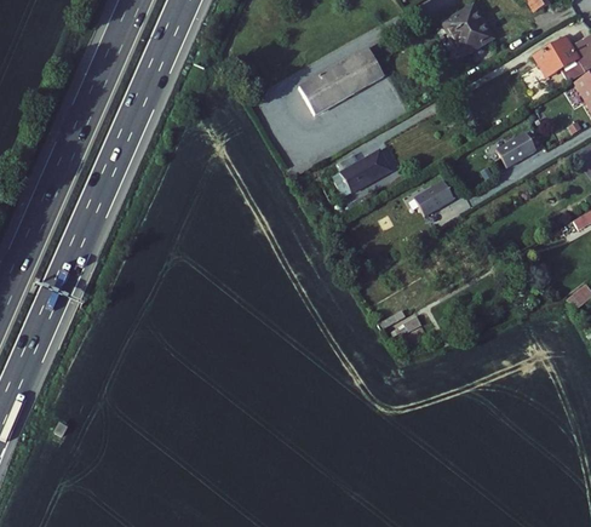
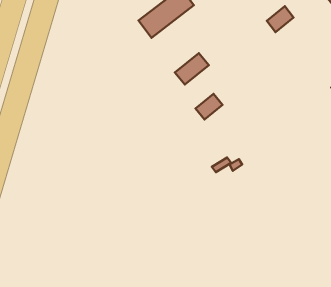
building: [497,132,537,168] -> [267,6,294,32]
building: [414,182,454,218] -> [196,94,222,120]

